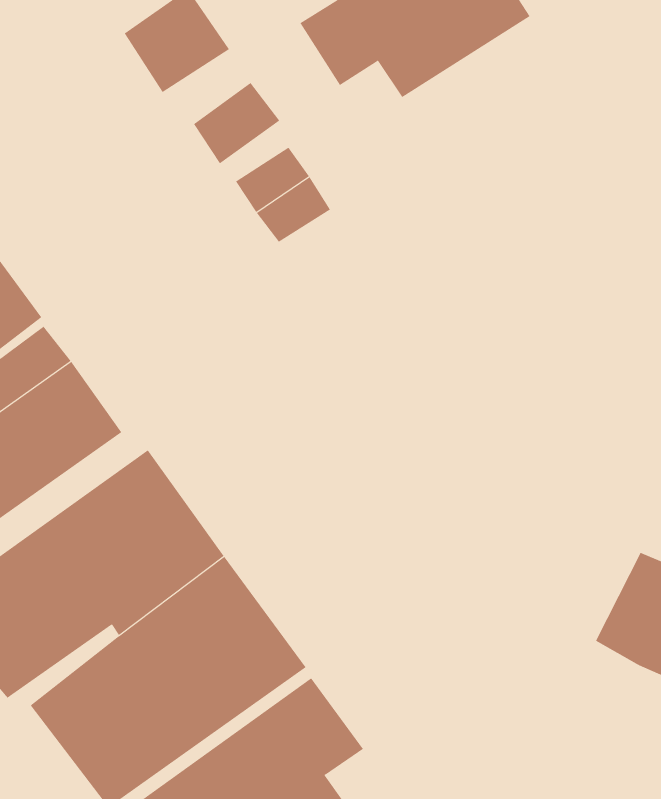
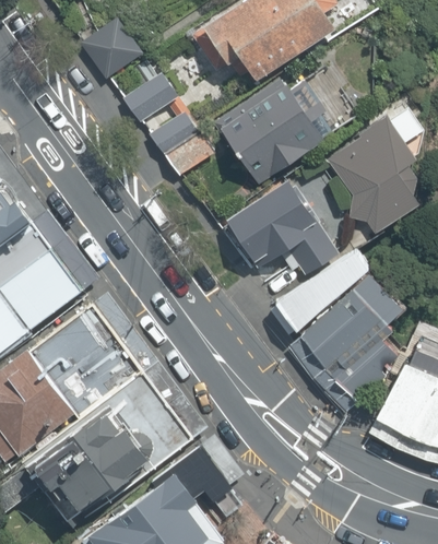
building: none -> [215,79,328,188]
building: none -> [327,113,413,228]
building: none -> [224,181,332,276]
building: none -> [279,243,365,326]
building: none -> [303,270,404,404]

